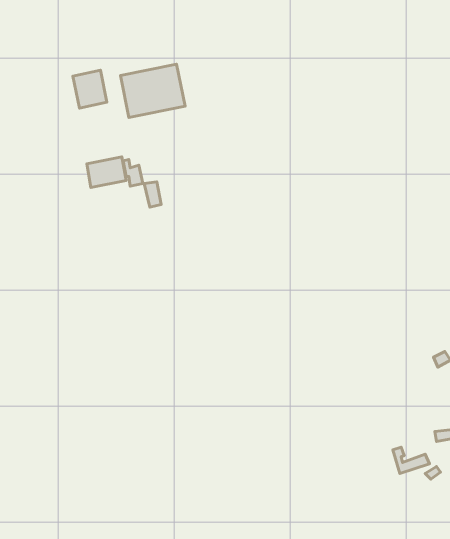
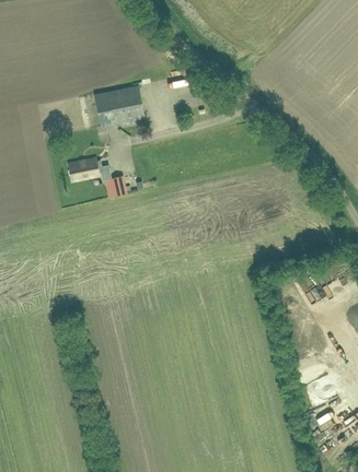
building: [73,70,107,108] -> none

